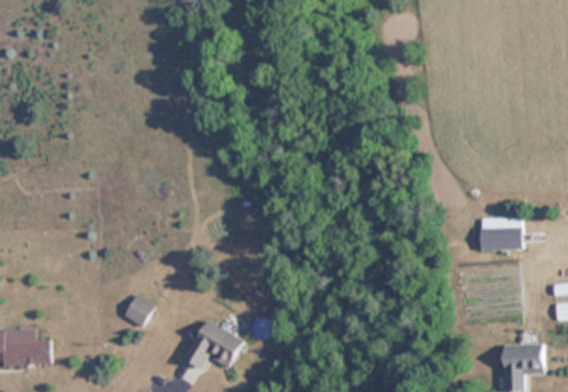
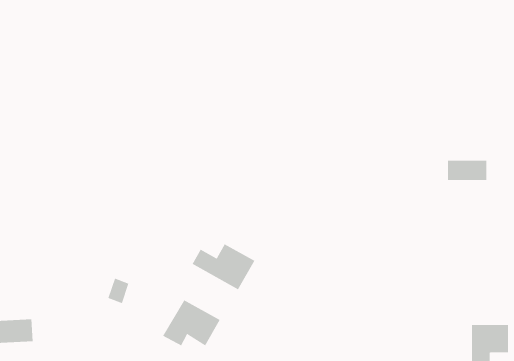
building: [479,226,521,248] -> [447,160,487,181]
building: none -> [192,243,255,290]

